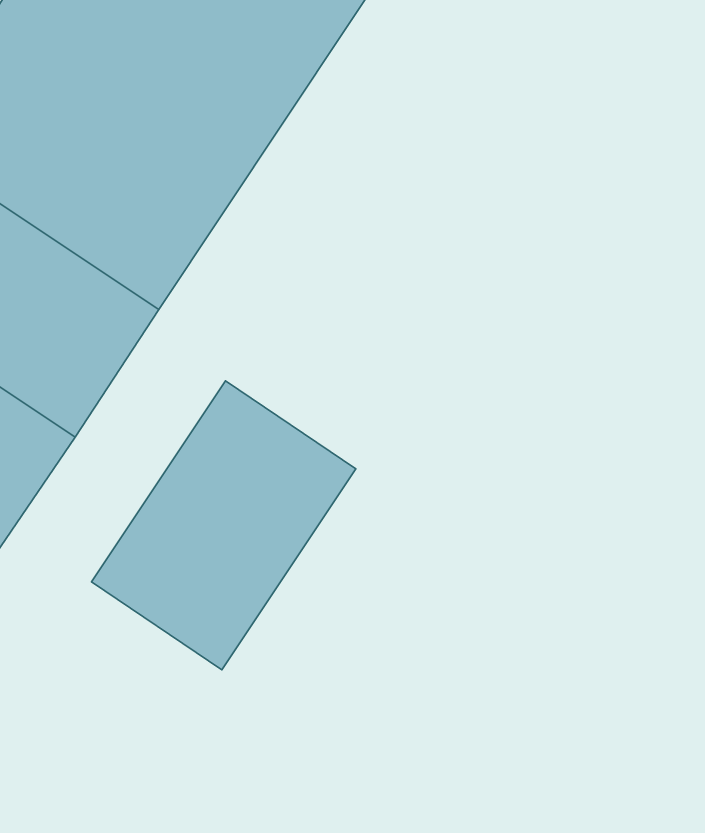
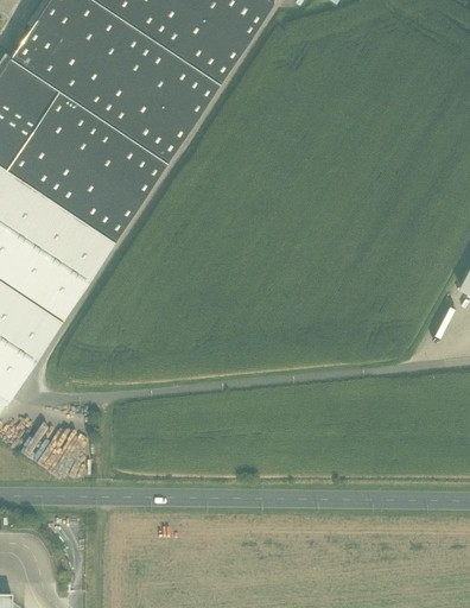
building: [91,381,356,670] -> none

